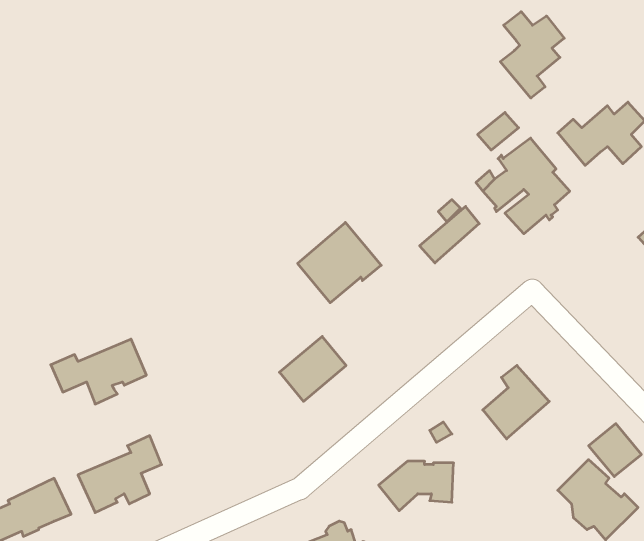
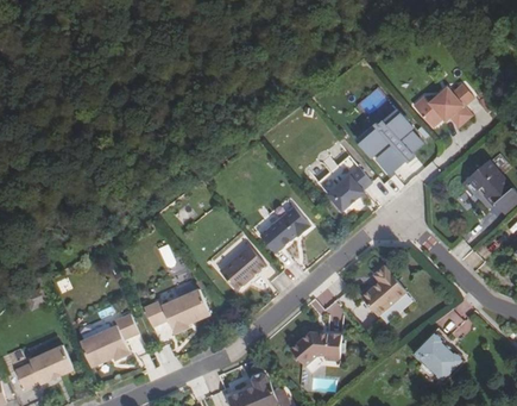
building: [500,12,564,98] -> none
building: [298,222,381,303] -> [259,206,317,262]
building: none -> [327,167,371,211]
building: [51,339,146,404] -> [143,291,209,336]

